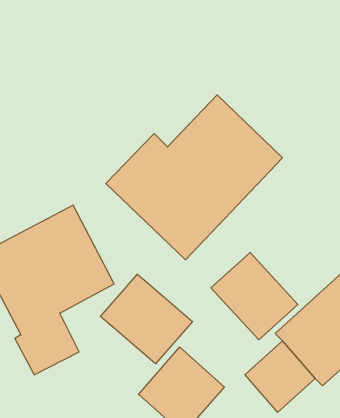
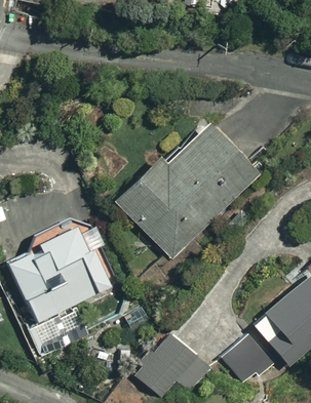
building: [211,252,298,340] -> none
building: [100,274,192,364] -> none

